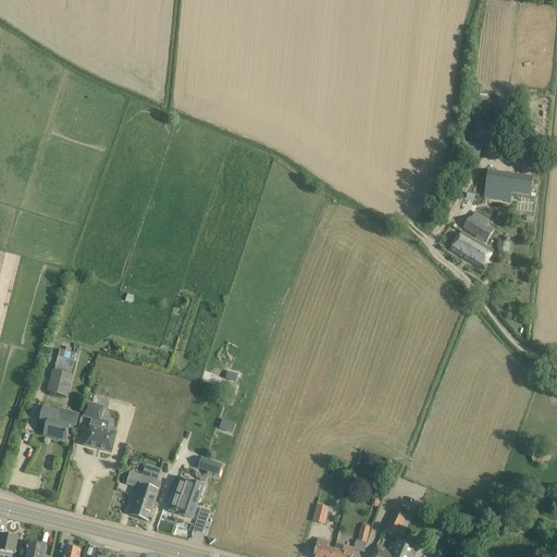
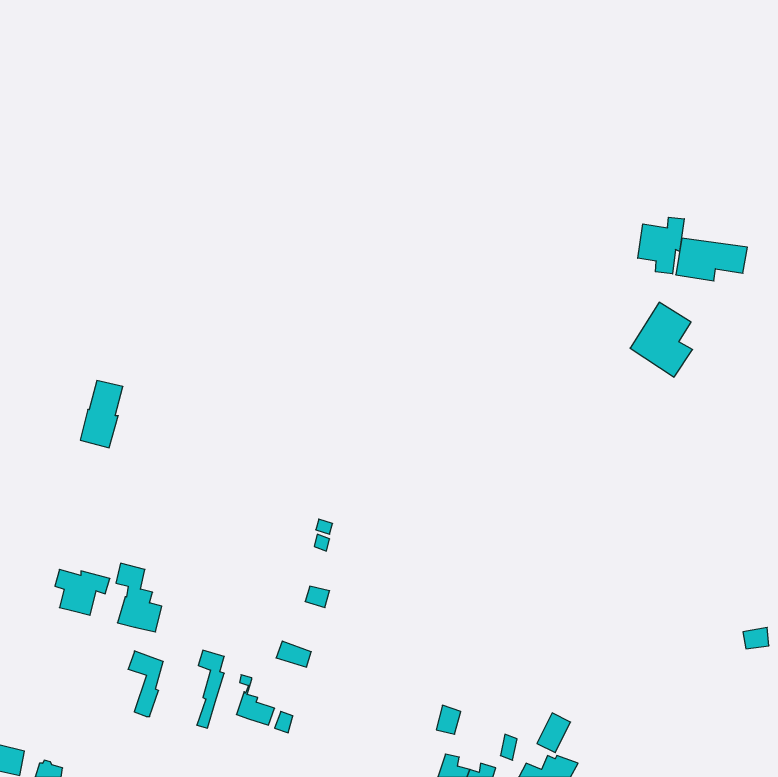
building: none -> [638,217,684,274]
building: [46,349,76,397] -> [80,381,123,448]
building: [125,470,150,517] -> [128,651,163,717]
building: [172,474,202,505] -> none

